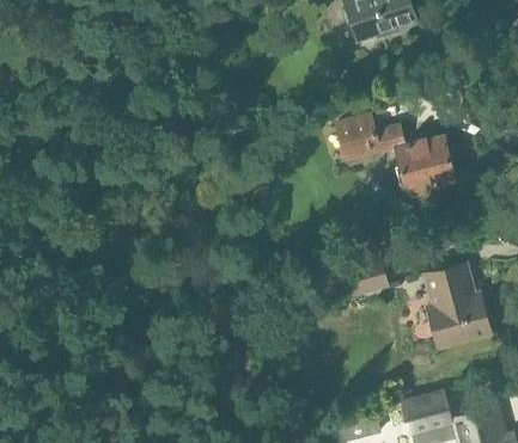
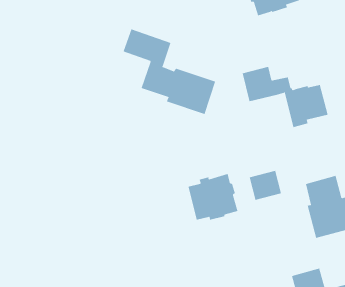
building: none -> [123,28,216,115]
building: none -> [188,173,238,221]

